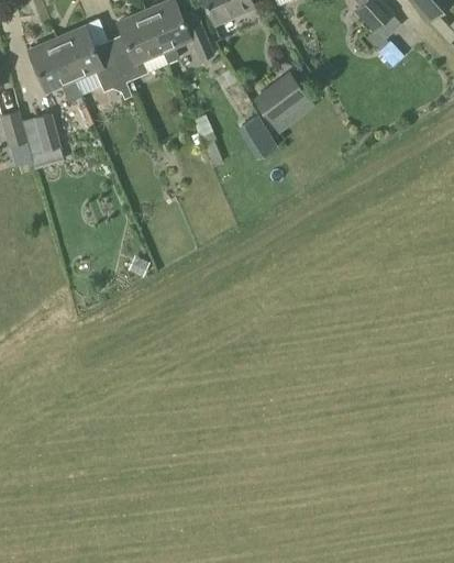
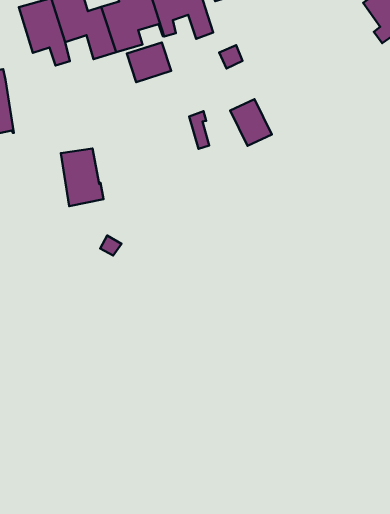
building: none -> [127,43,171,82]
building: [251,71,308,125] -> none
building: [21,112,66,169] -> [61,148,103,206]

